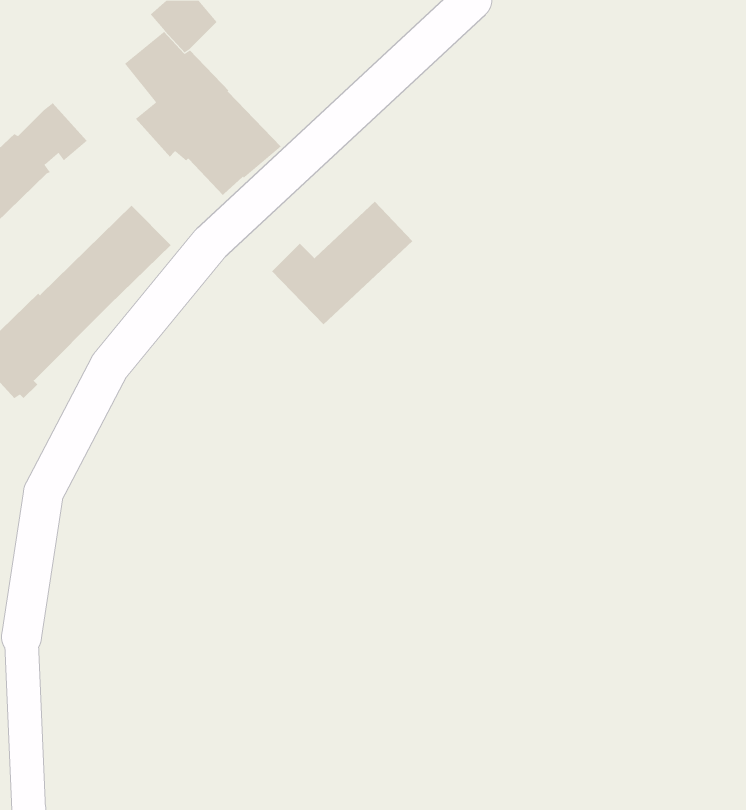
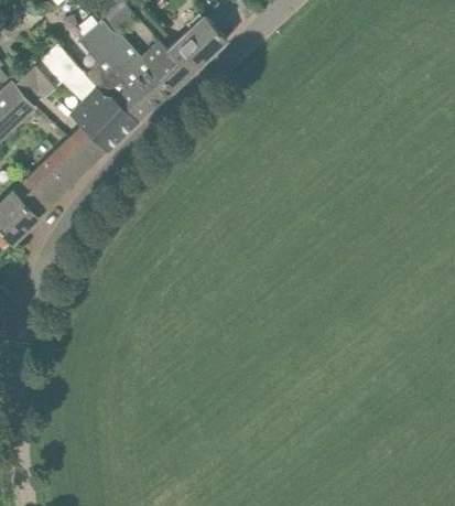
building: none -> [35,45,138,151]
building: [270,201,413,325] -> [141,17,227,91]

